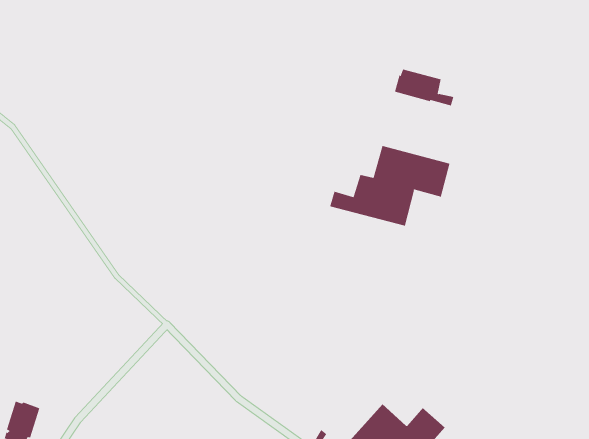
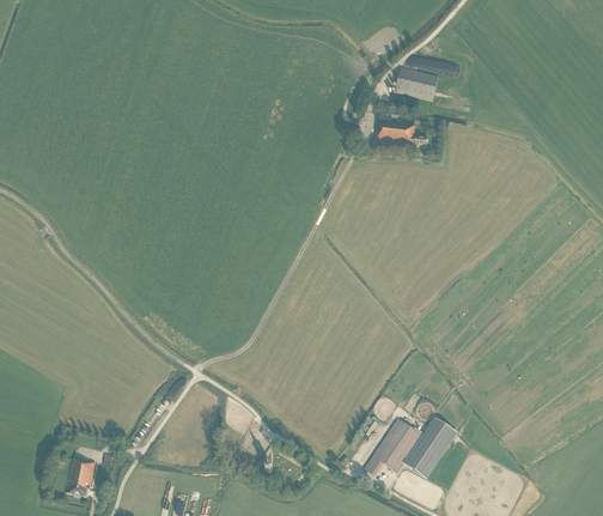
building: none -> [395,66,438,99]
building: [330,145,450,227] -> none

